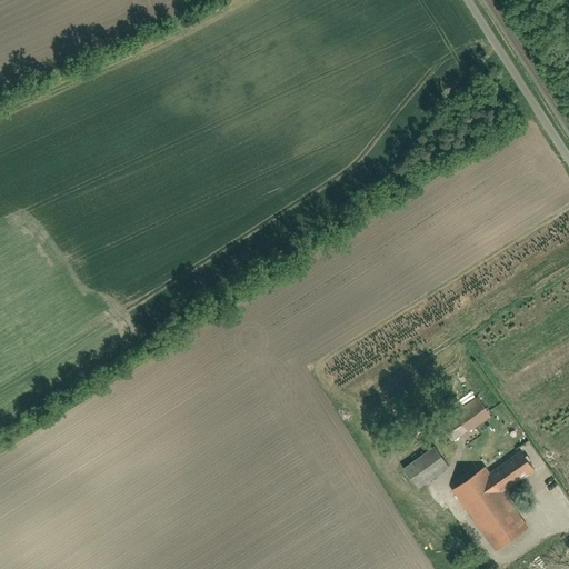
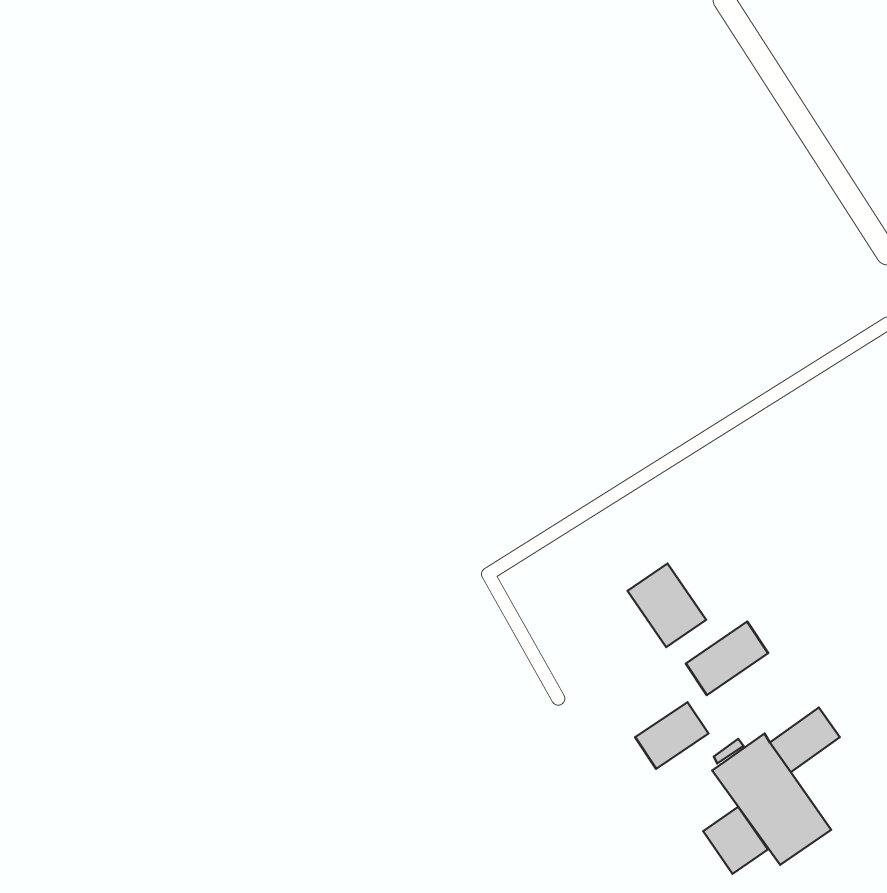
building: none -> [628,564,706,647]
building: none -> [703,807,768,874]

